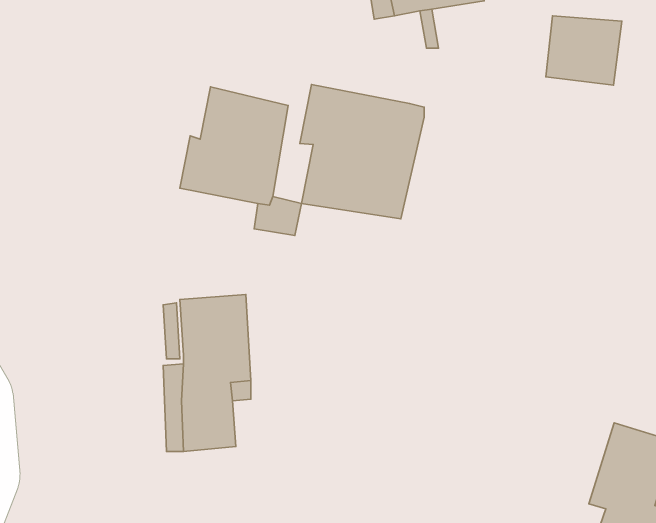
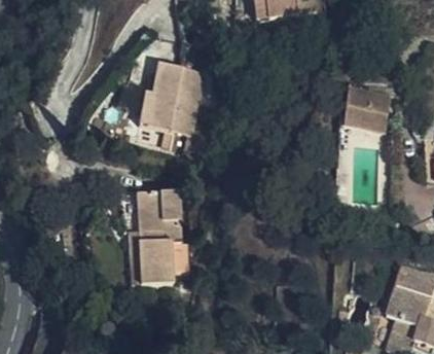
building: [546,16,622,85] -> [345,90,391,132]
building: [300,84,424,219] -> none

